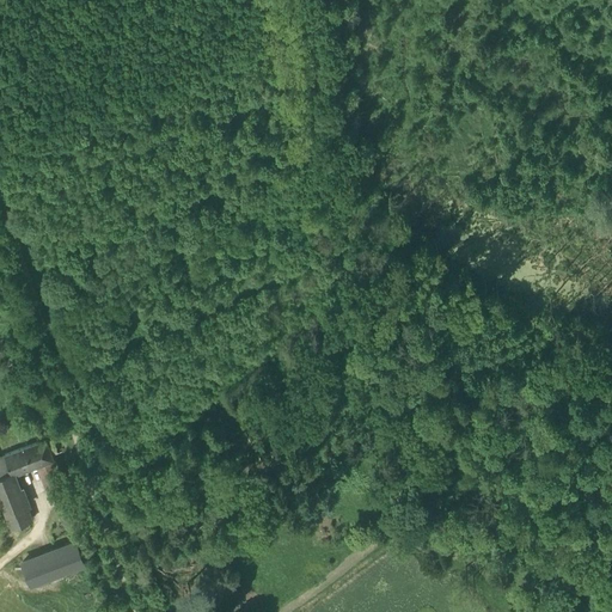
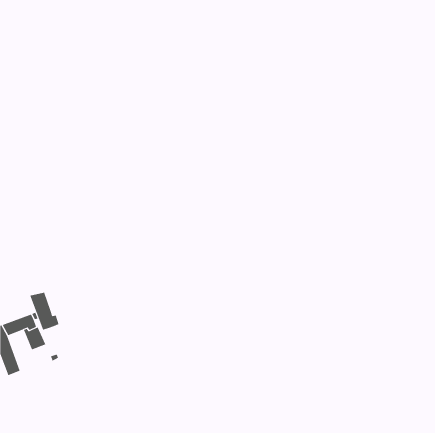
building: none -> [30,292,59,330]
building: [22,543,84,588] -> none

